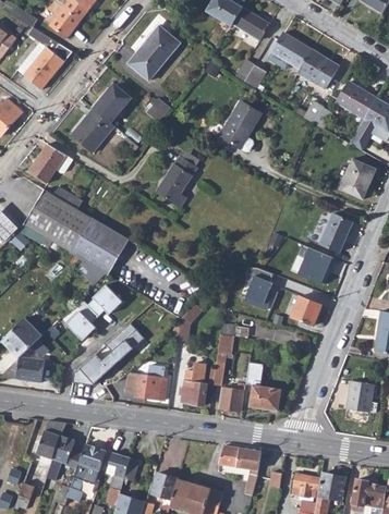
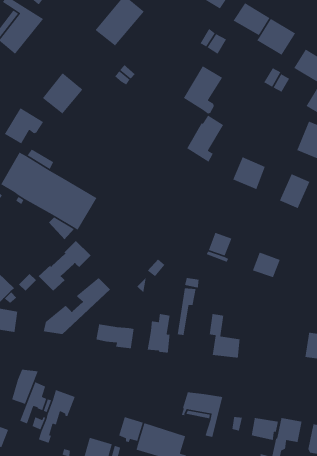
building: [92,84,131,122] -> none
building: [156,156,196,207] -> [186,114,224,163]
building: [297,246,333,282] -> [232,156,266,190]
building: [219,383,245,411] -> none
building: [105,451,130,504] -> none

